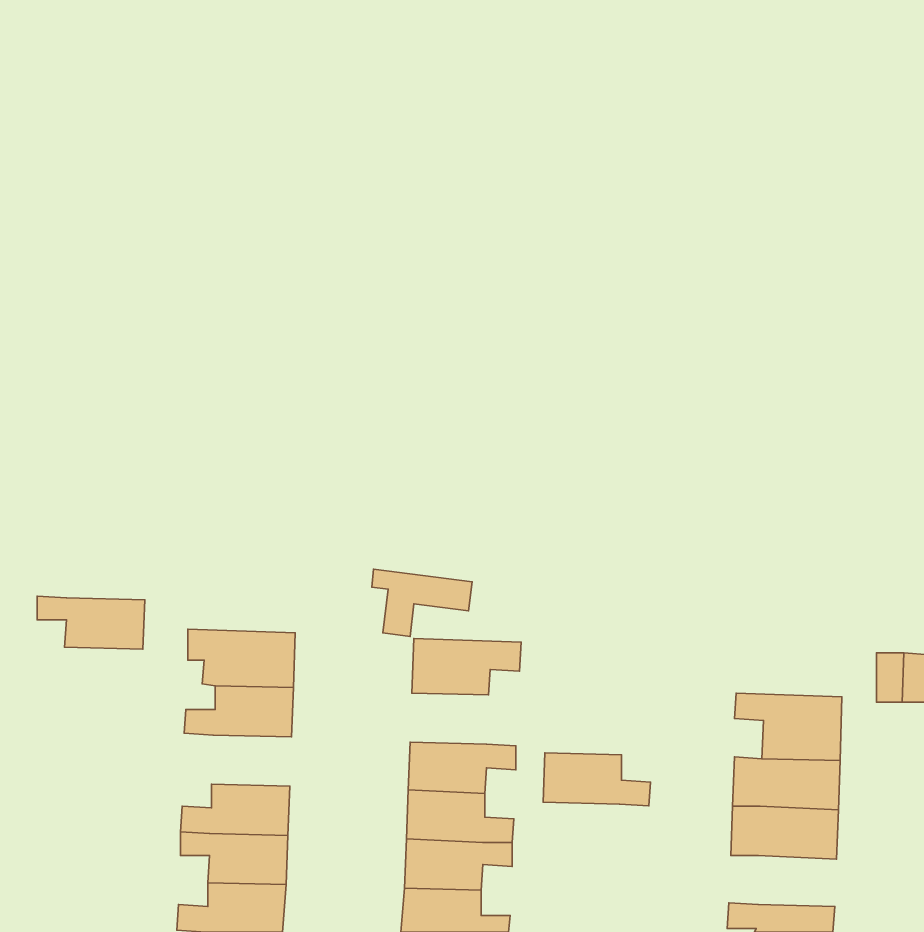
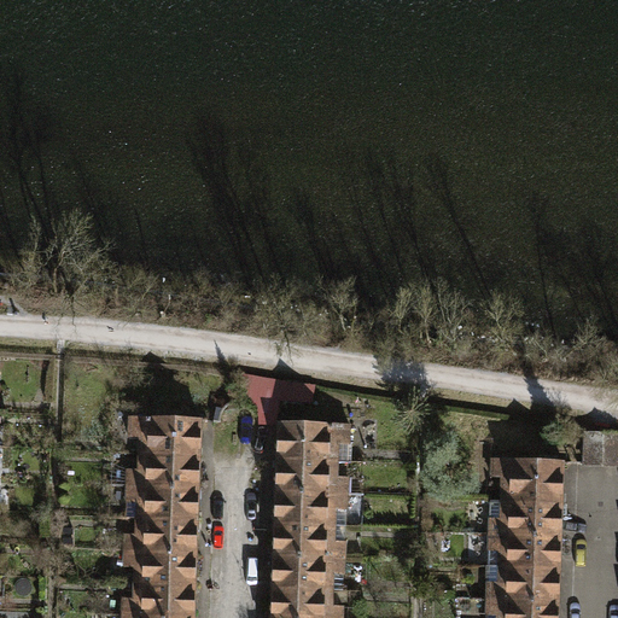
building: [37,596,145,649] -> [127,485,198,520]
building: [543,753,651,806] -> [276,459,348,494]
building: none -> [488,566,559,600]

